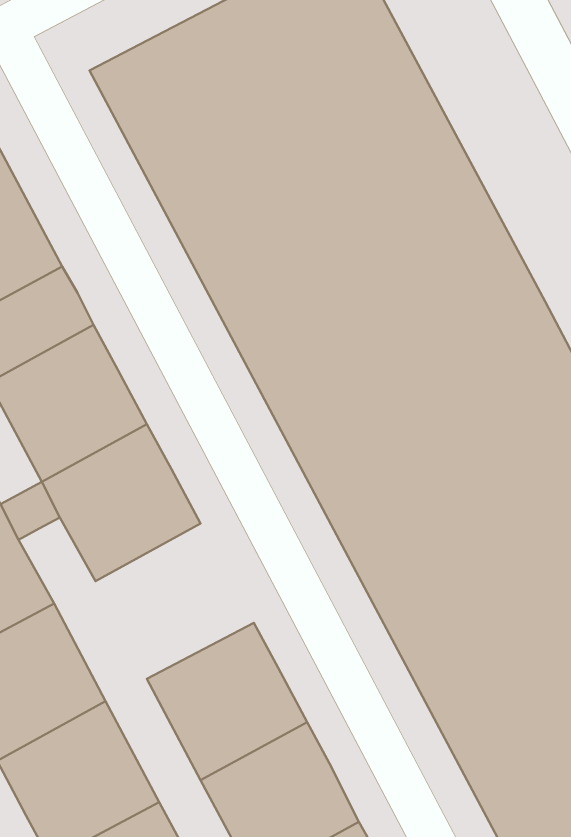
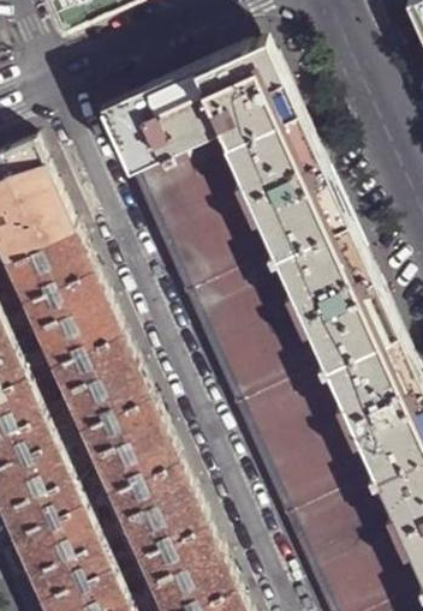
building: none -> [81,394,177,487]

